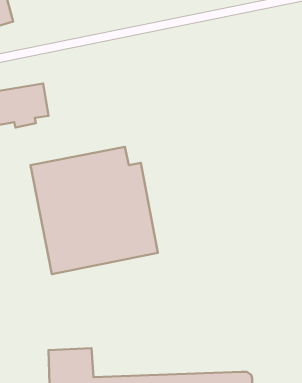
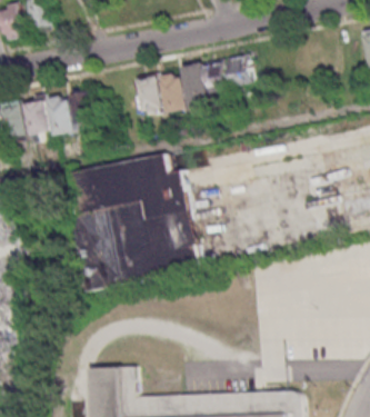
building: none -> [134,53,251,116]

